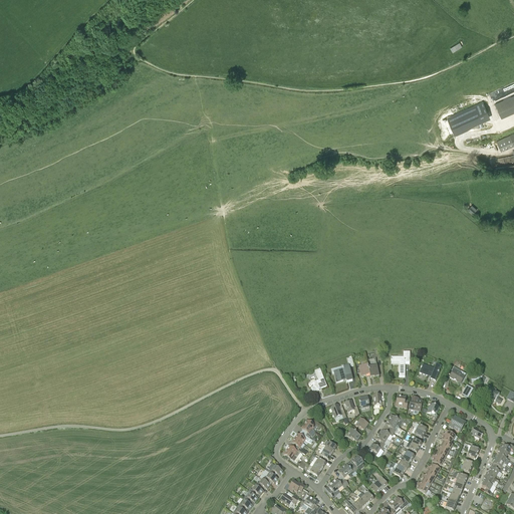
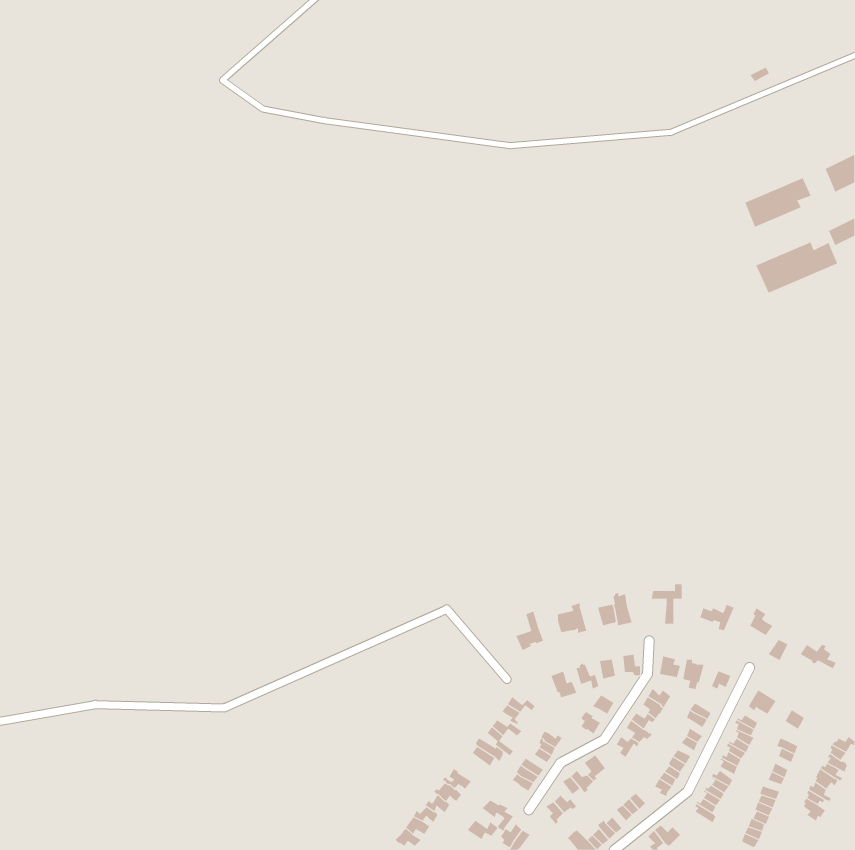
building: none -> [755,241,838,293]

